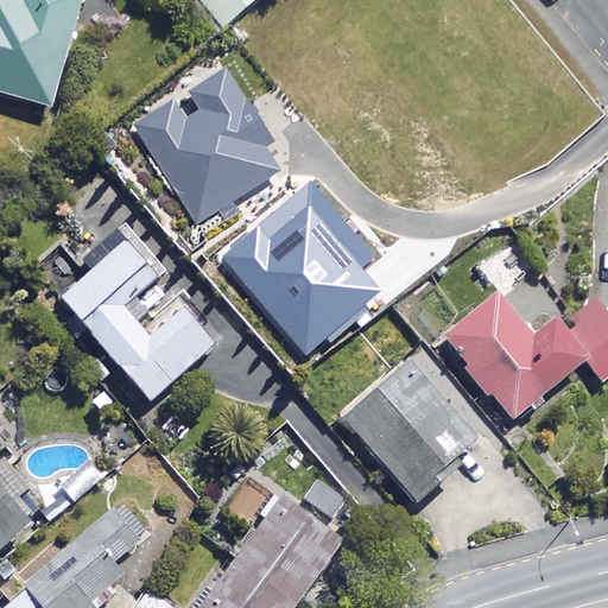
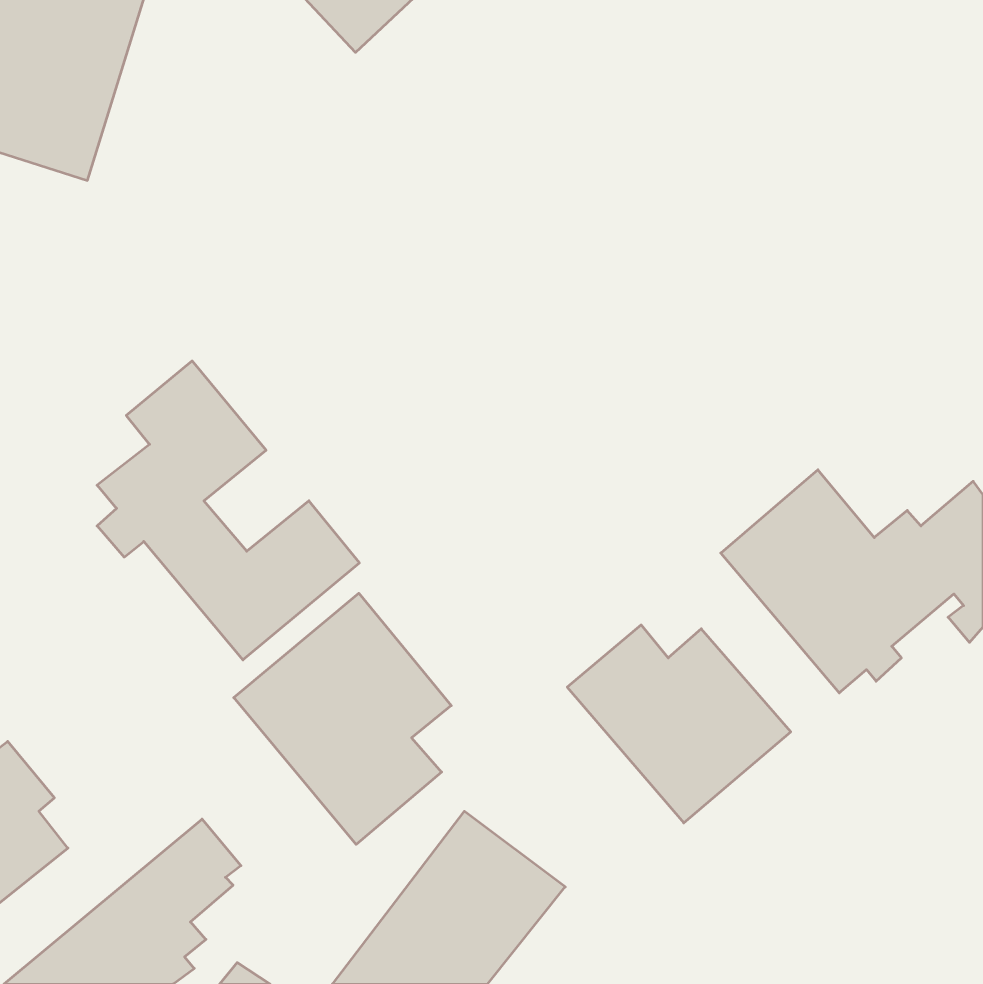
building: [128,62,274,217] -> none
building: [216,177,375,349] -> none
building: none -> [234,593,451,844]

